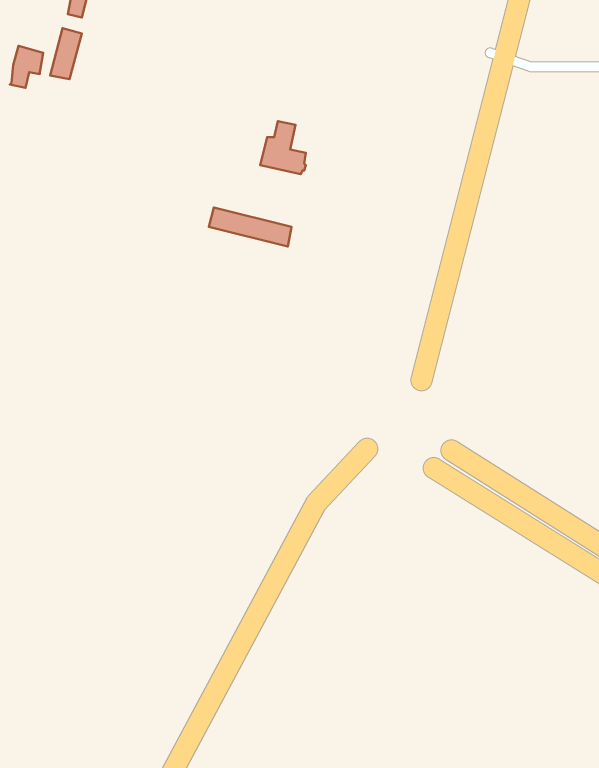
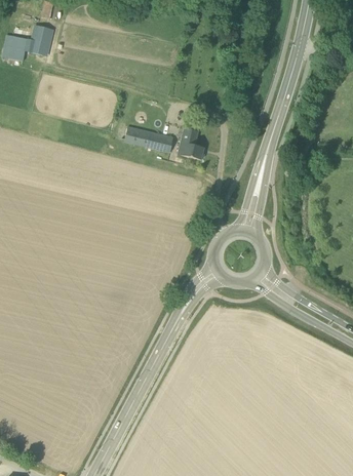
building: [260,121,306,174] -> [178,128,204,159]

